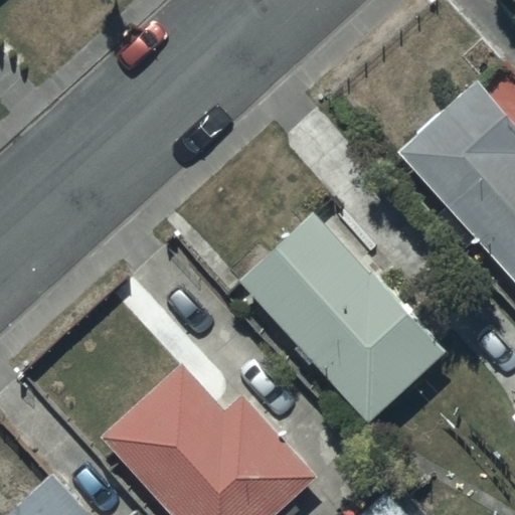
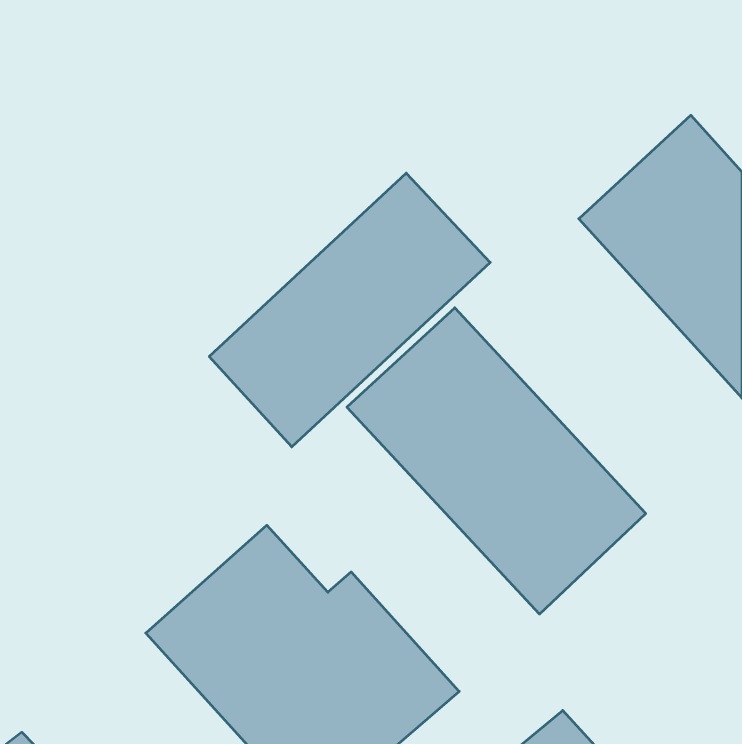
building: none -> [209,173,490,447]

